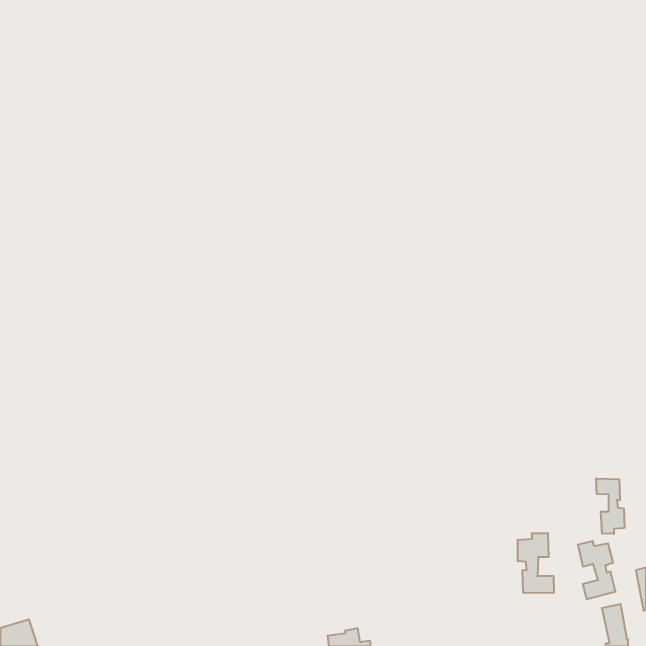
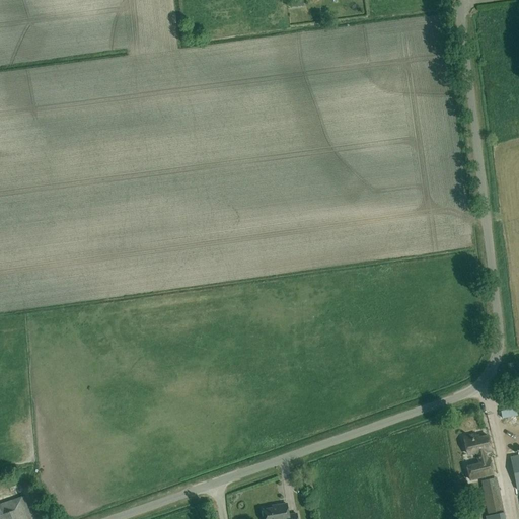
building: [596,478,624,534] -> none
building: [518,533,554,593] -> none

